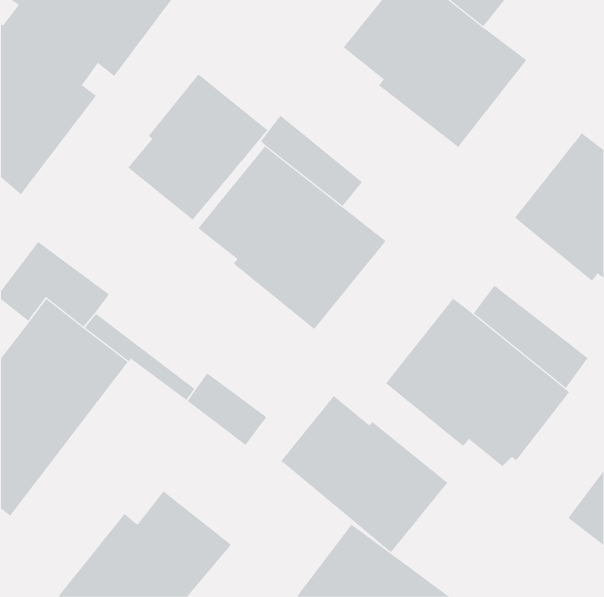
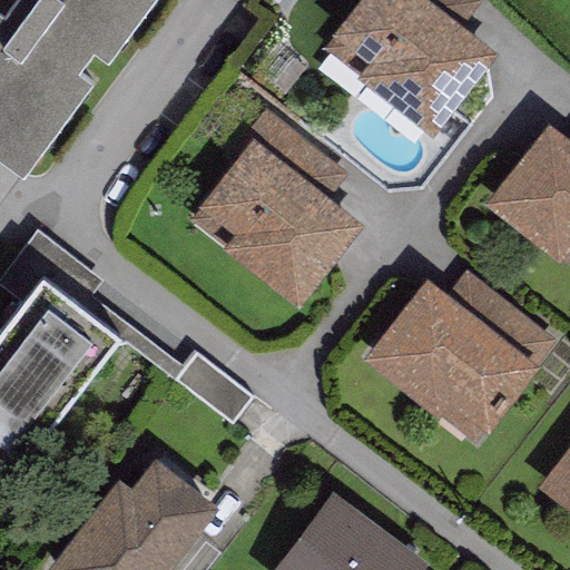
building: [127,74,268,221] -> none
building: [281,395,448,553] -> none

